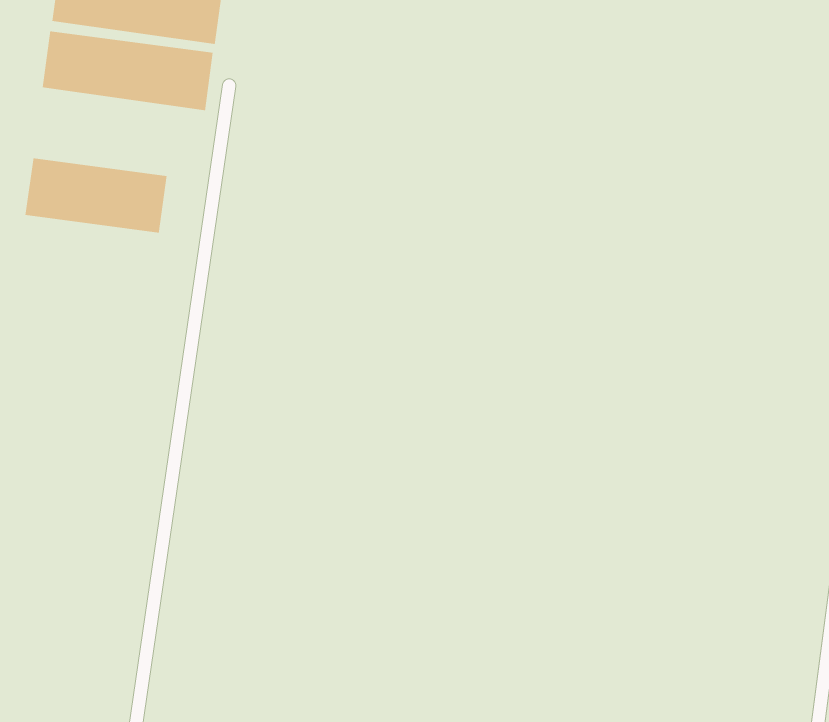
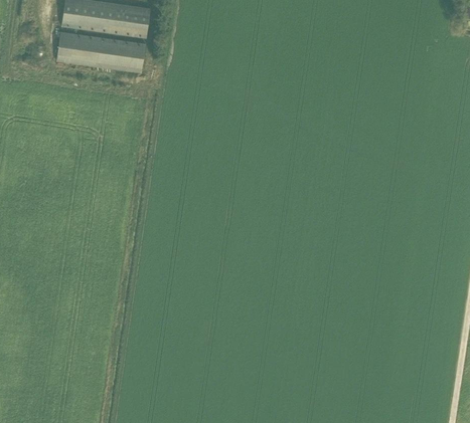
building: [25,158,167,234] -> none

